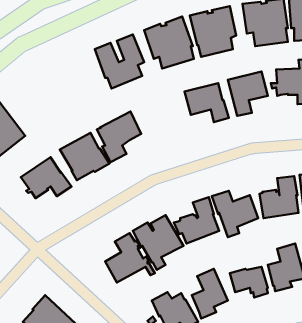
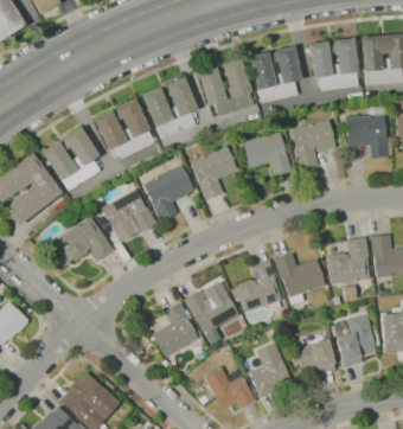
building: none -> [92,98,154,159]
building: none -> [43,126,101,191]
building: none -> [190,146,237,200]

